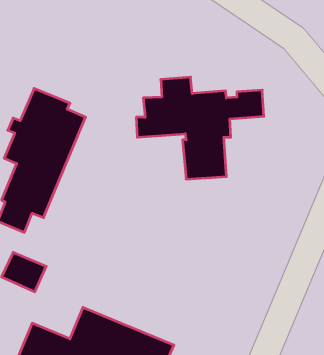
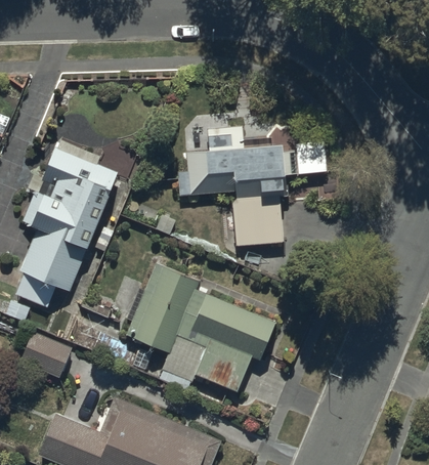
building: none -> [126,263,275,392]

